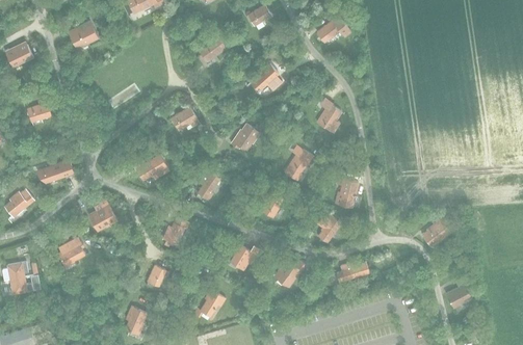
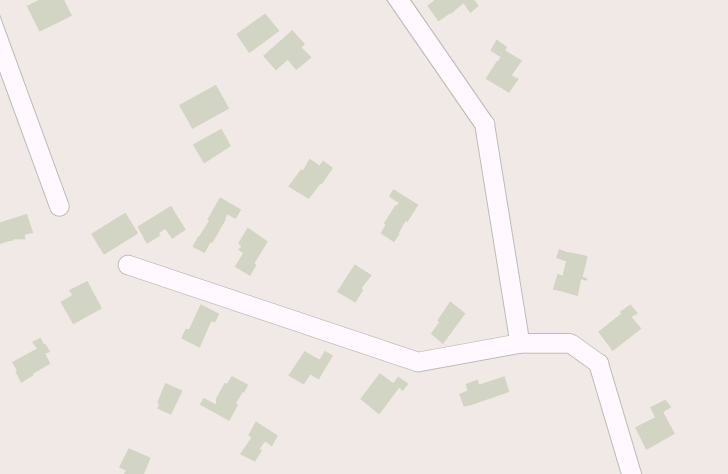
building: [251,64,282,90] -> [262,29,313,71]
building: none -> [178,84,230,130]
building: [317,99,341,133] -> [484,39,523,94]
building: none -> [191,196,242,254]
building: none -> [90,212,139,256]
building: [334,178,357,208] -> [552,248,589,297]
building: none -> [199,375,249,422]

